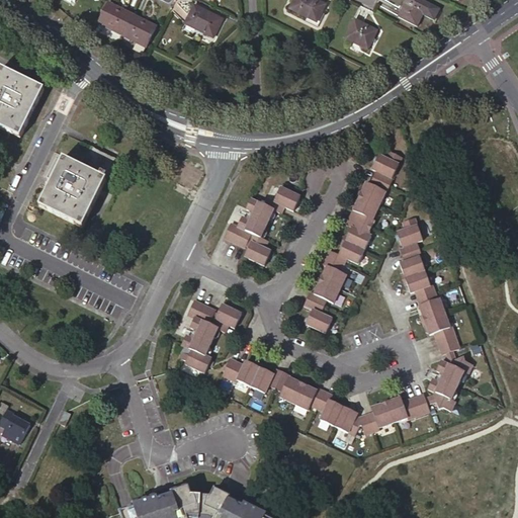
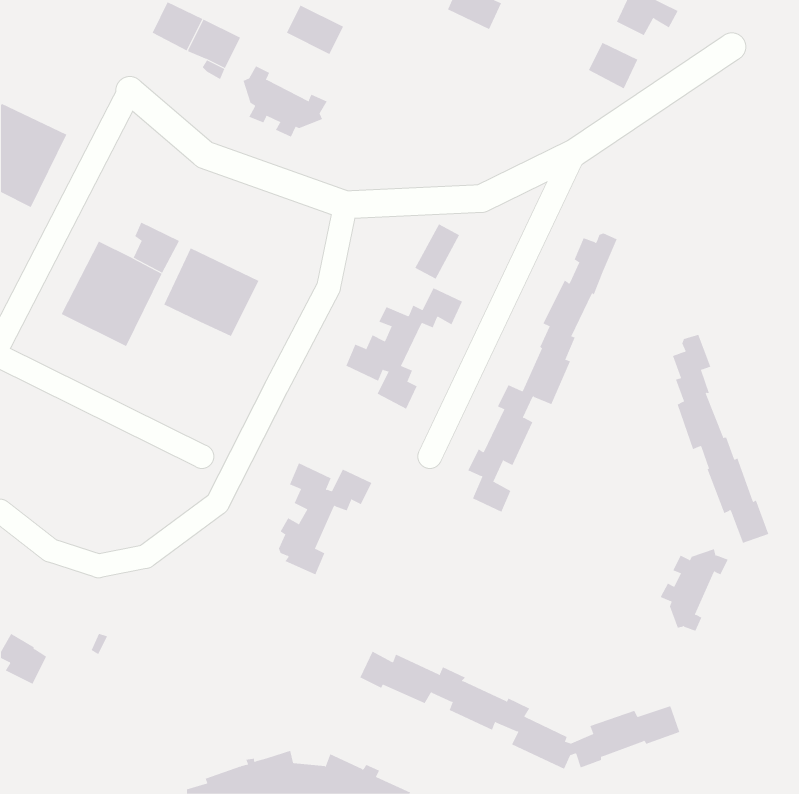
building: [345,17,377,48] -> [588,42,638,89]
building: none -> [243,66,327,137]
building: none -> [415,223,460,280]
building: none -> [164,247,259,337]
building: [396,217,458,352] -> [672,334,769,544]
building: [222,357,429,434] -> [360,651,680,770]

